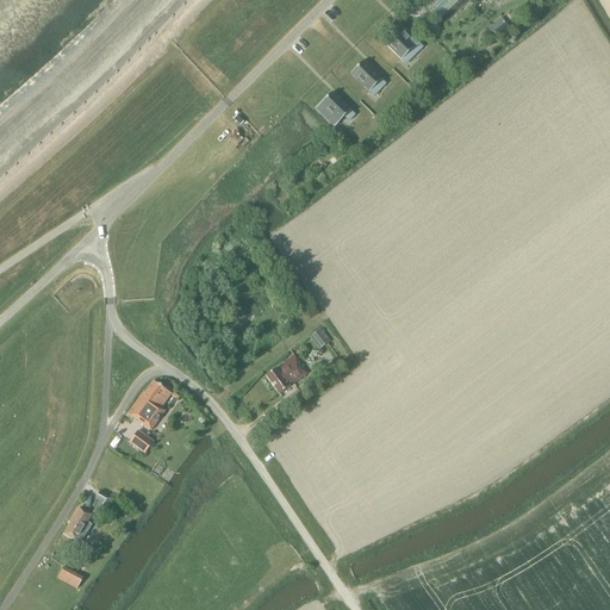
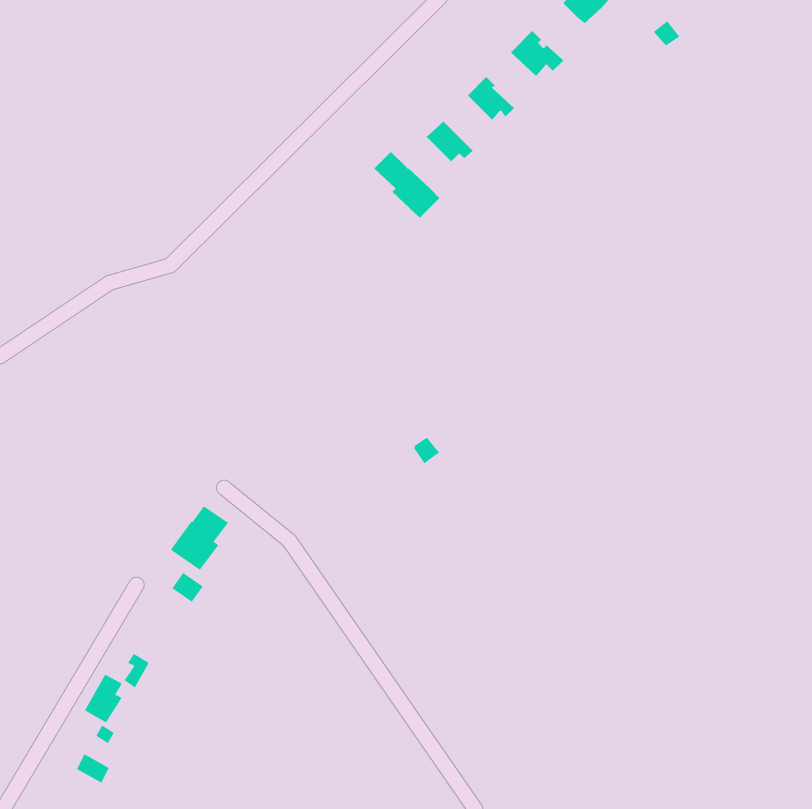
building: none -> [374,151,440,219]
building: [266,354,306,392] -> none

